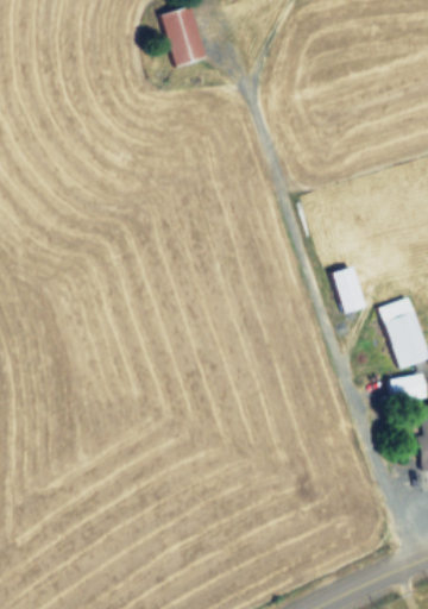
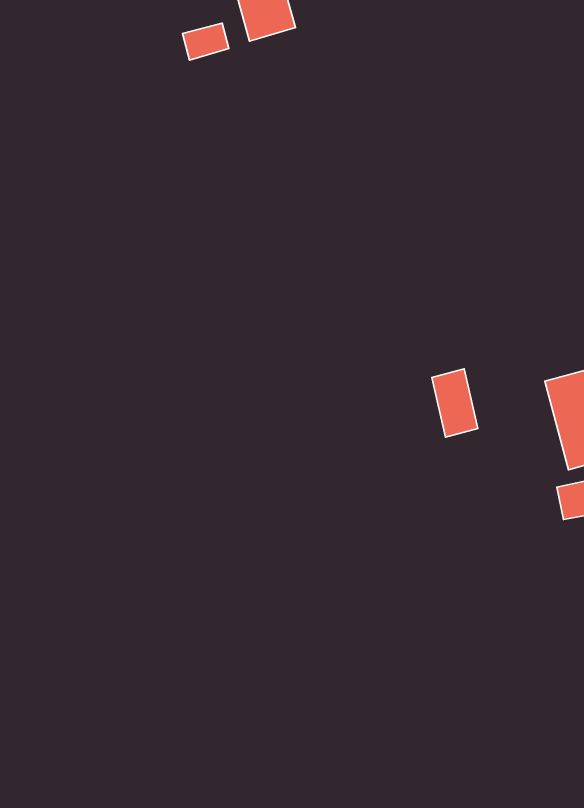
building: none -> [182,23,229,60]
building: [333,265,365,313] -> [432,369,478,437]

